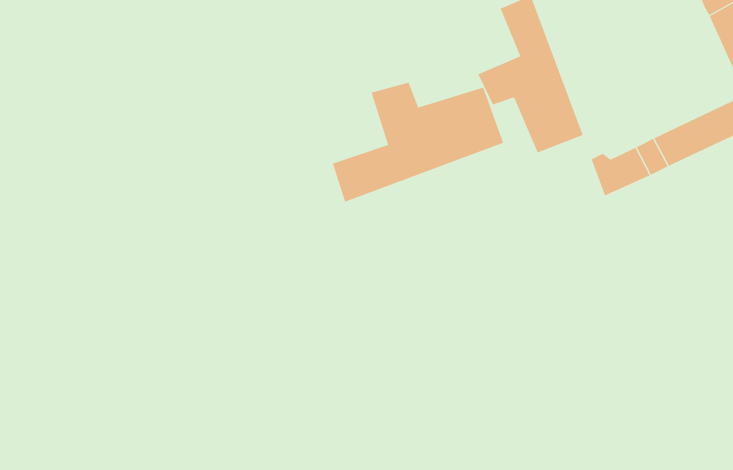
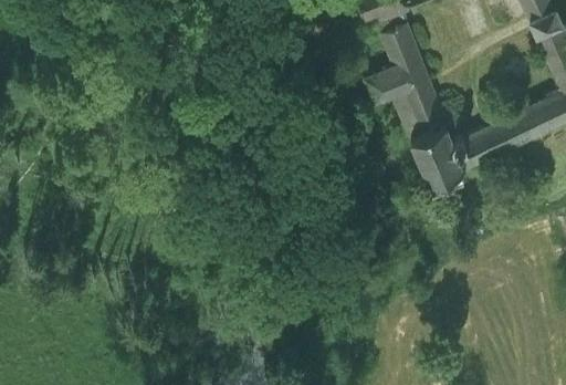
building: [332,82,504,202] -> none
building: none -> [409,126,459,185]

